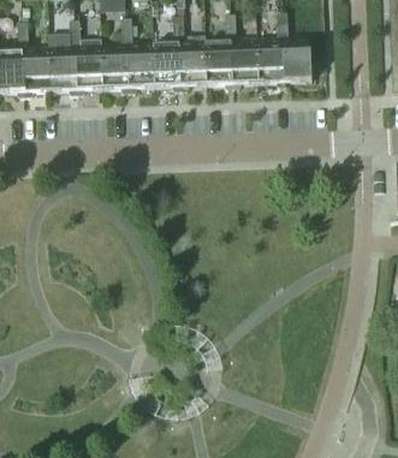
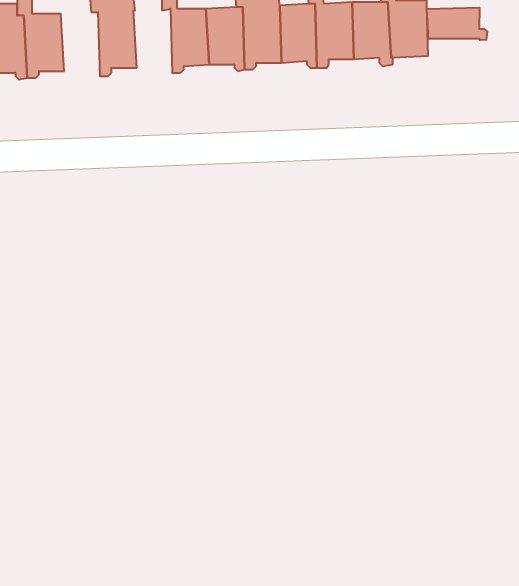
building: none -> [427,8,487,40]
building: [101,46,129,91] -> none
building: [49,48,77,94] -> none

